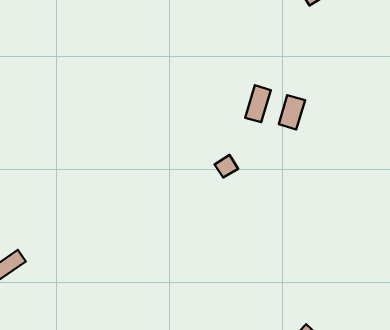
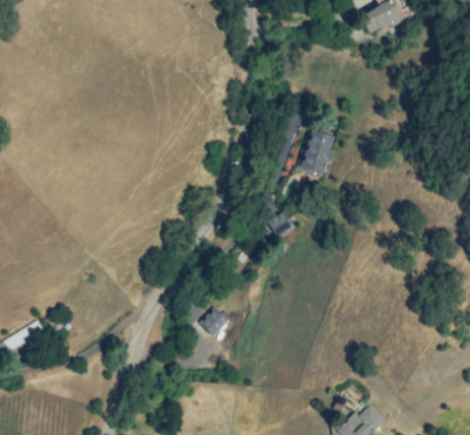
building: [279,95,305,130] -> none
building: none -> [199,305,229,335]

